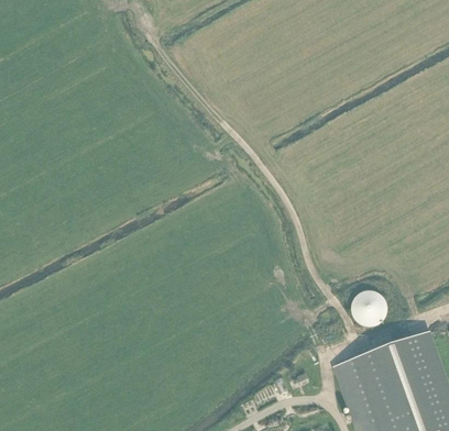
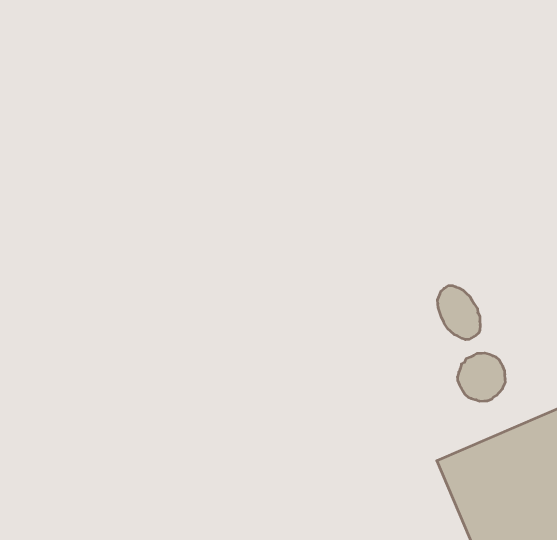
building: none -> [438,286,480,340]

